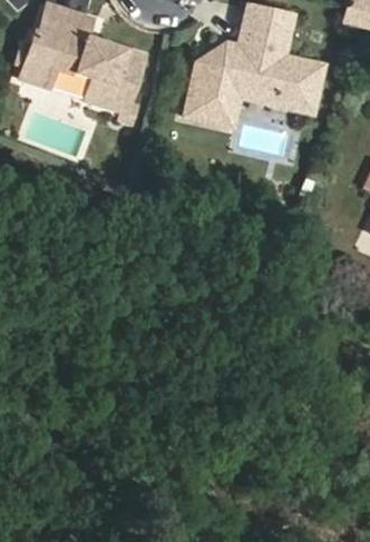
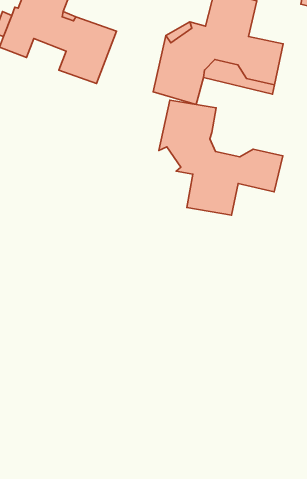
building: none -> [159,100,283,215]

